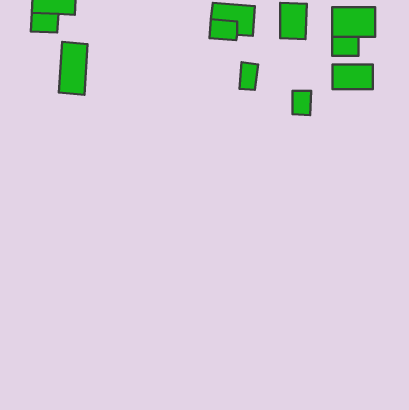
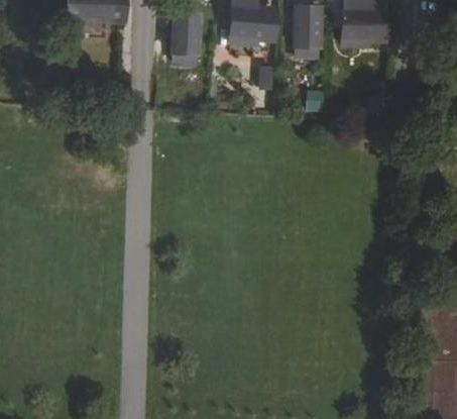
building: [59,42,88,95] -> [174,11,200,60]
building: [332,65,373,89] -> none

